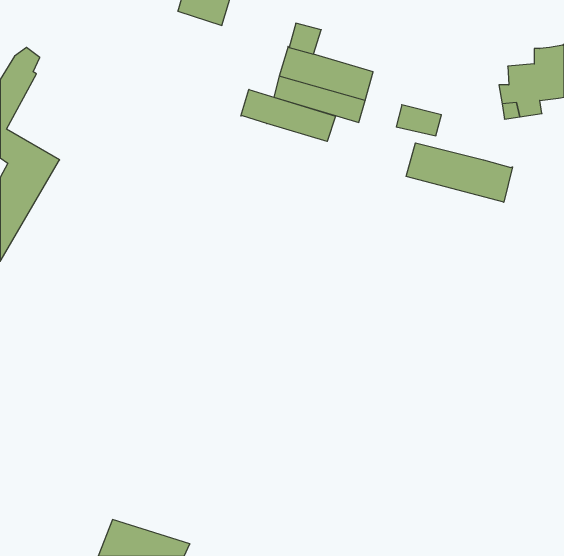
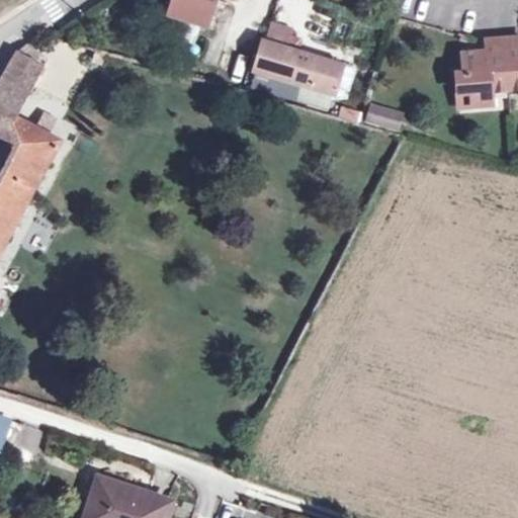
building: [241,89,335,141] -> none
building: [406,143,513,202] -> none

